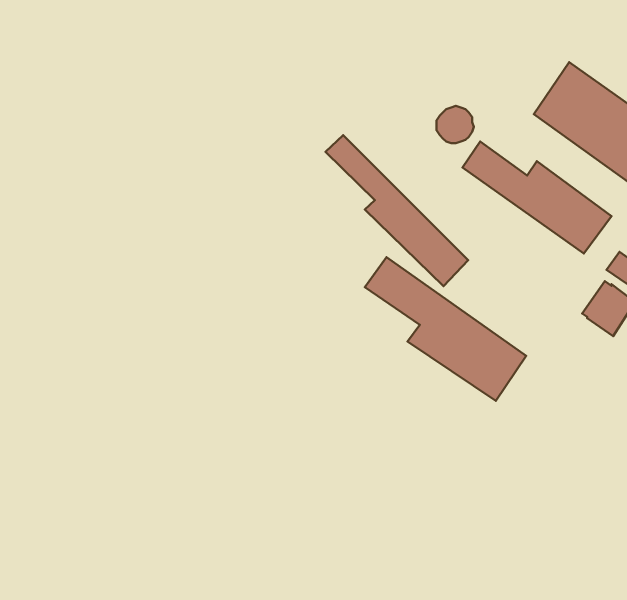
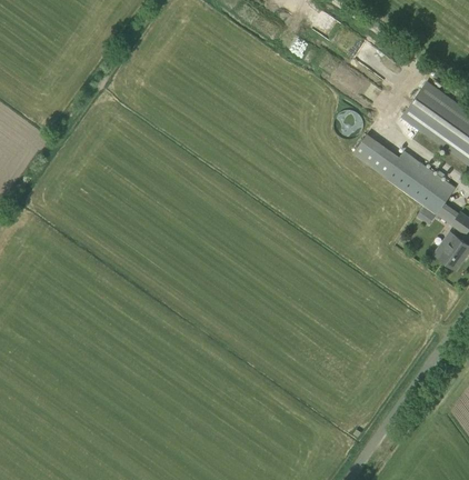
building: [326,135,468,286] -> none
building: [365,257,526,401] -> none

